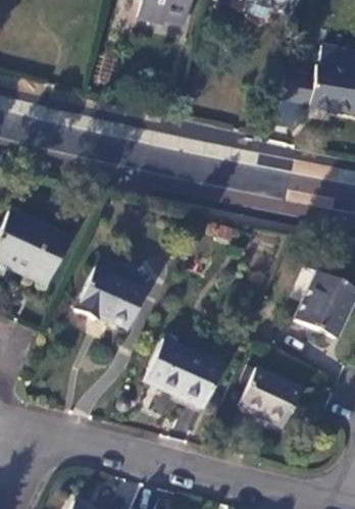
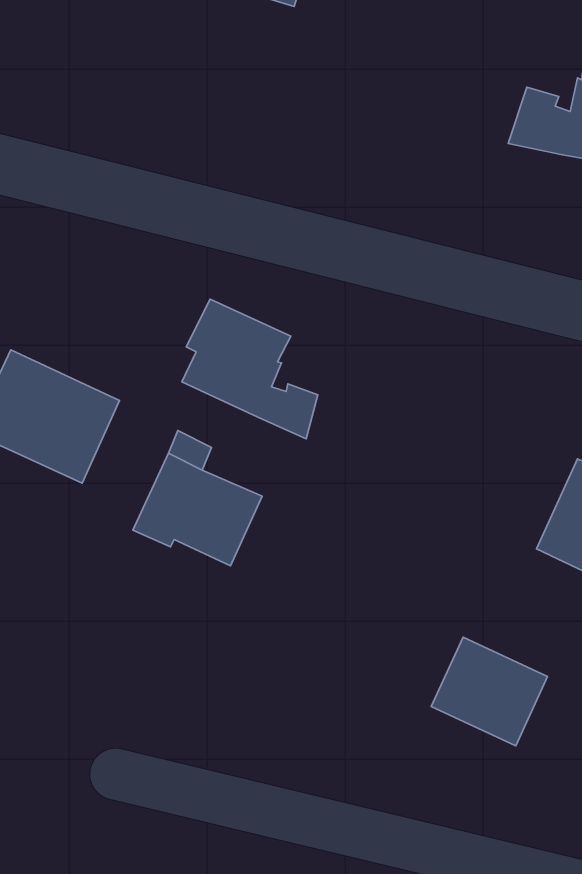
building: none -> [182,299,318,439]
building: [145,339,224,408] -> none

